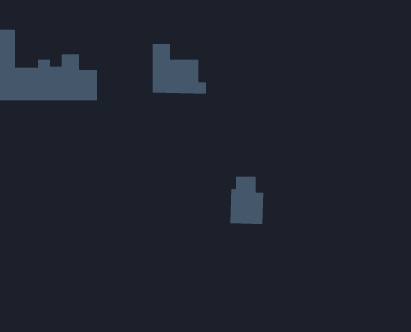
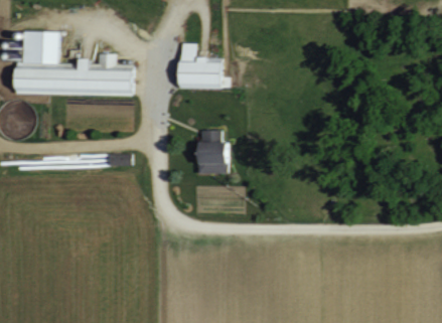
building: [229,176,264,225] -> [197,131,229,174]

